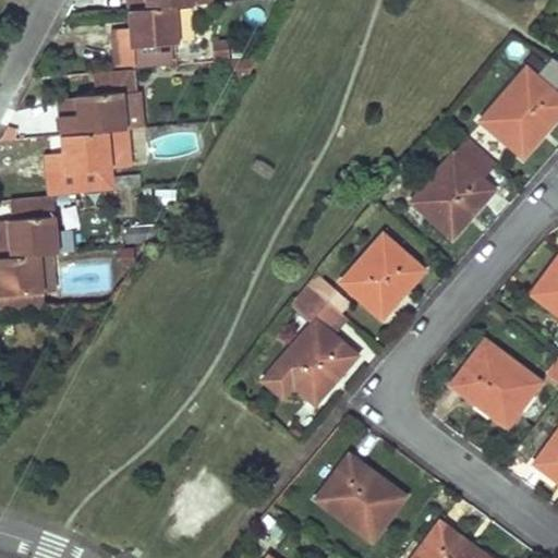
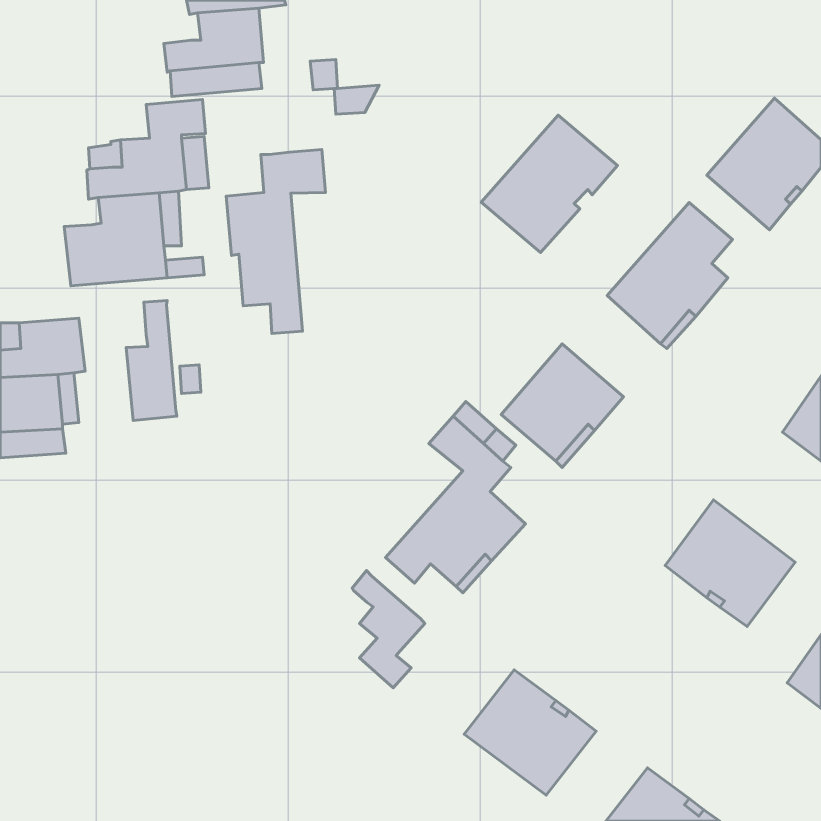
building: none -> [481,115,618,253]
building: none -> [226,149,325,334]
building: none -> [126,301,177,421]
building: none -> [352,571,425,688]

